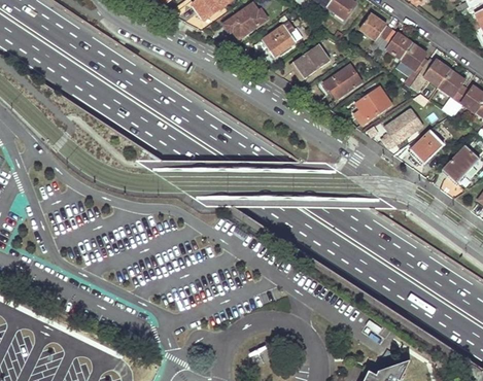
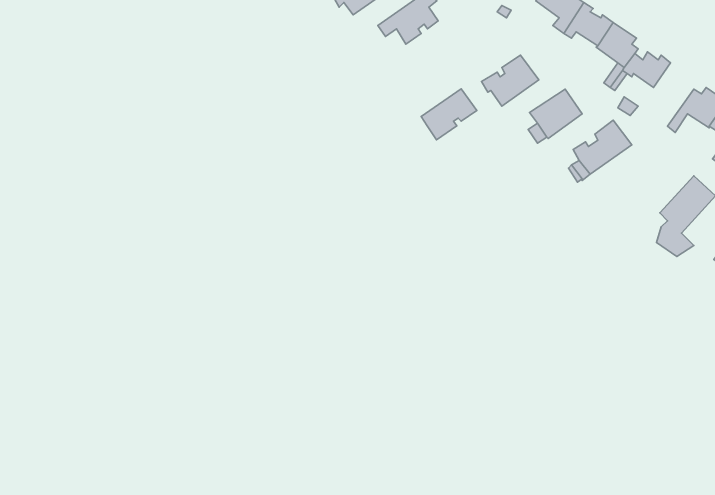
building: [290,45,327,79] -> [421,89,477,140]
building: [437,69,464,111] -> none
building: [410,130,443,163] -> none

